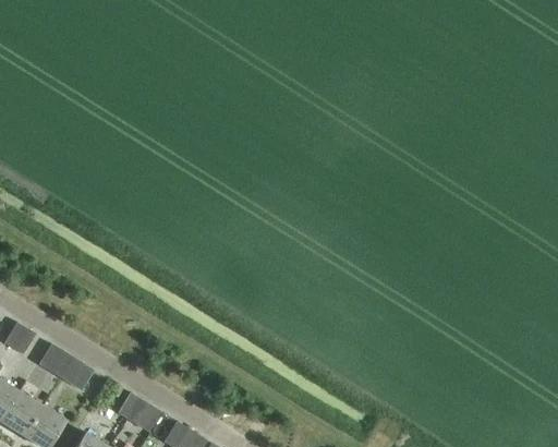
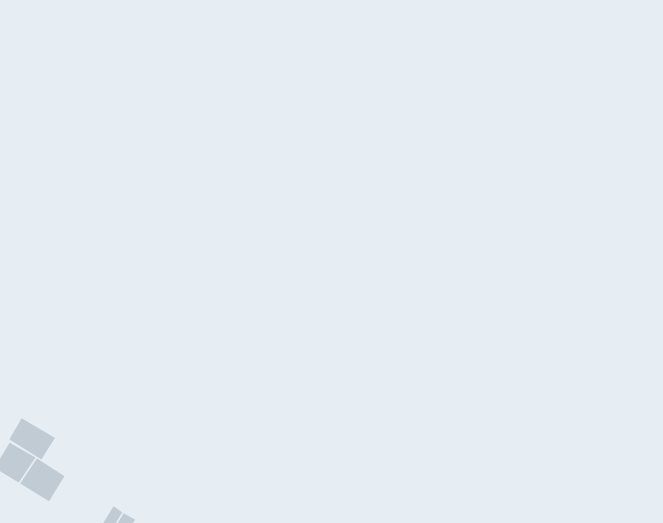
building: none -> [8,417,56,461]

